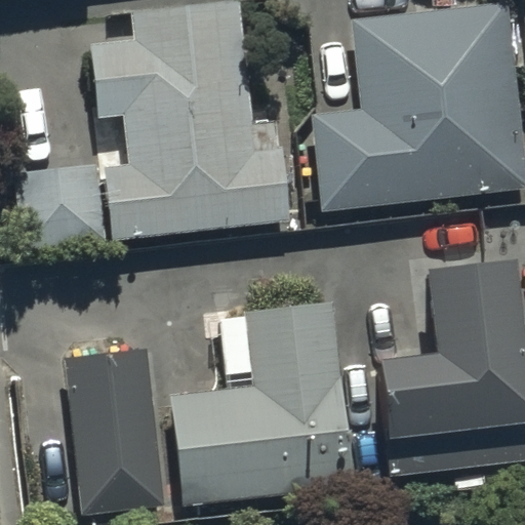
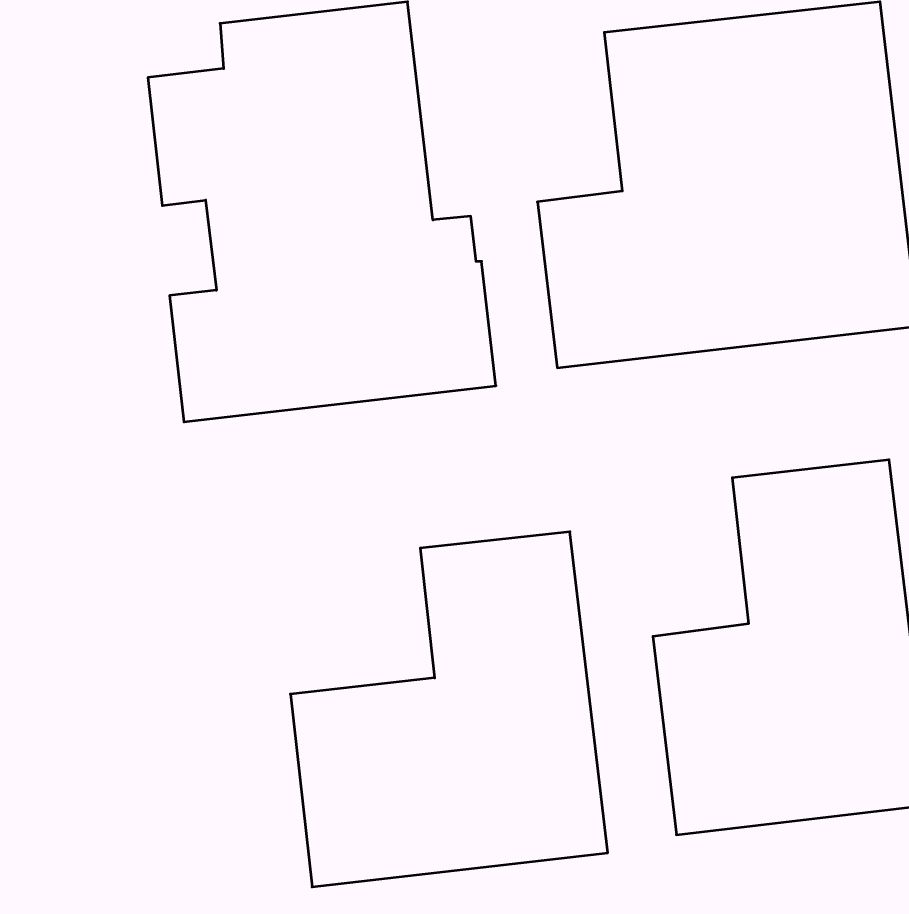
building: [15,164,107,250] -> none
building: [65,348,166,514] -> none

